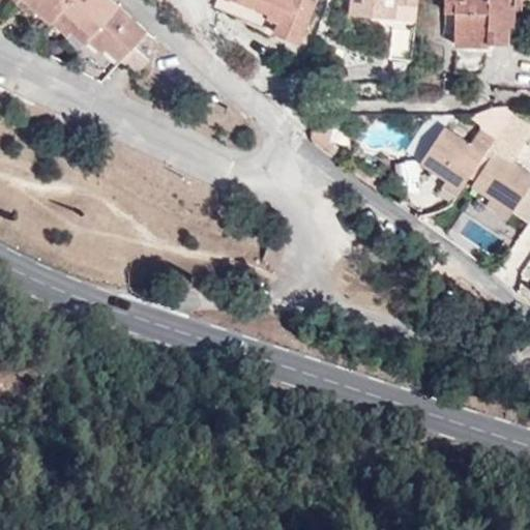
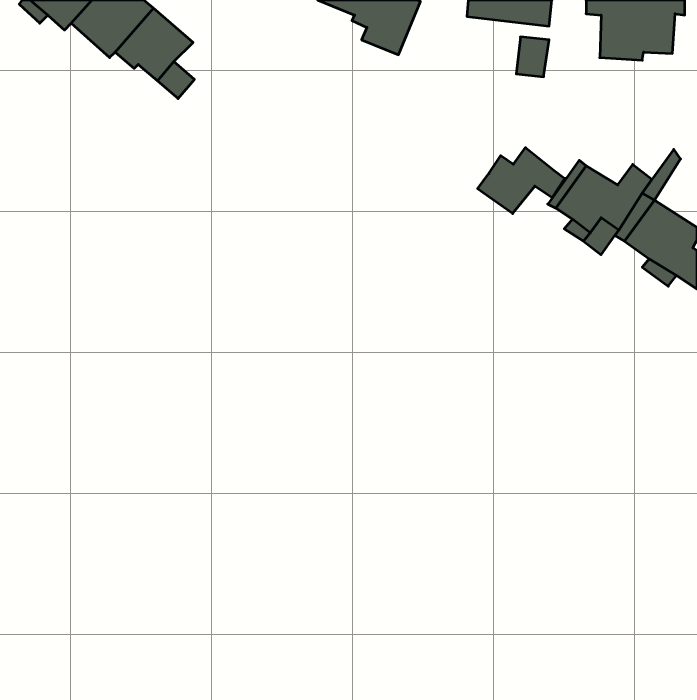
building: none -> [478,148,565,214]

